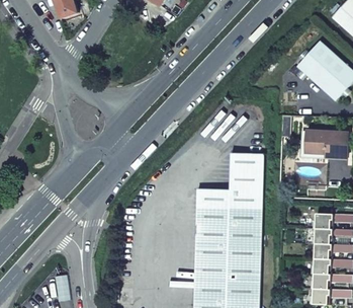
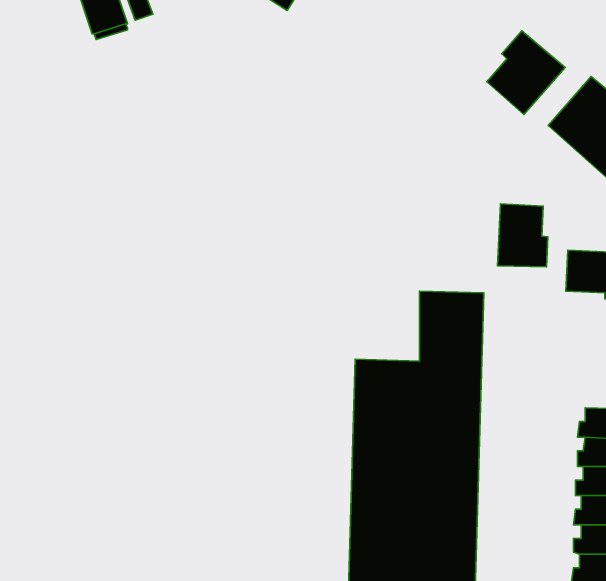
building: none -> [487,31,565,115]
building: none -> [497,204,548,267]

